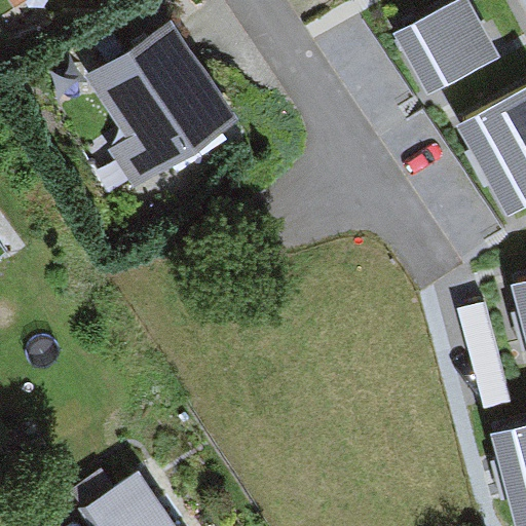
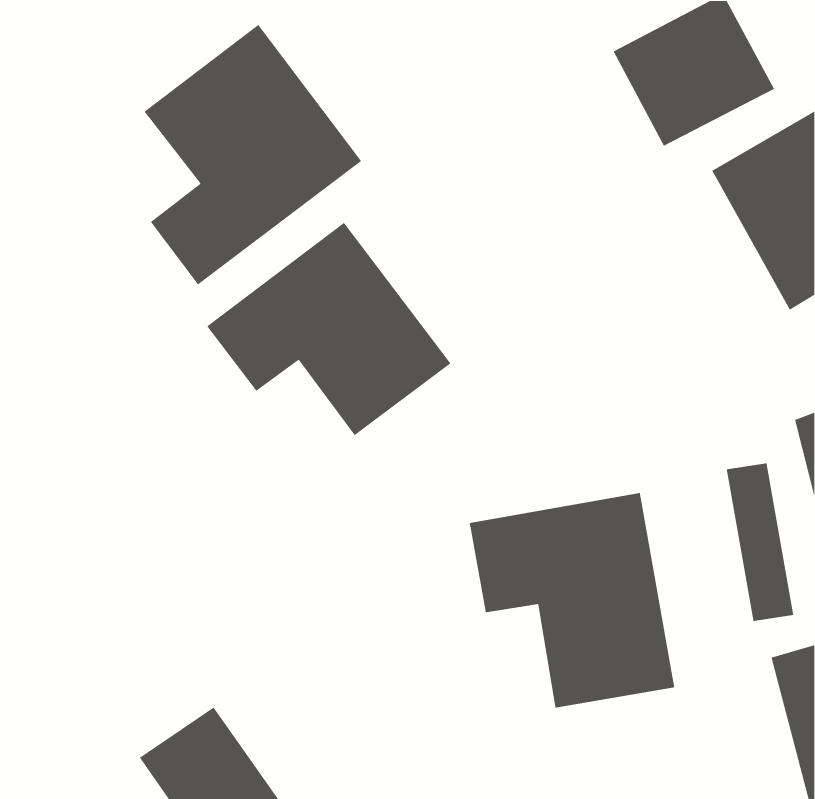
building: none -> [206,222,452,436]
building: none -> [469,492,675,708]

